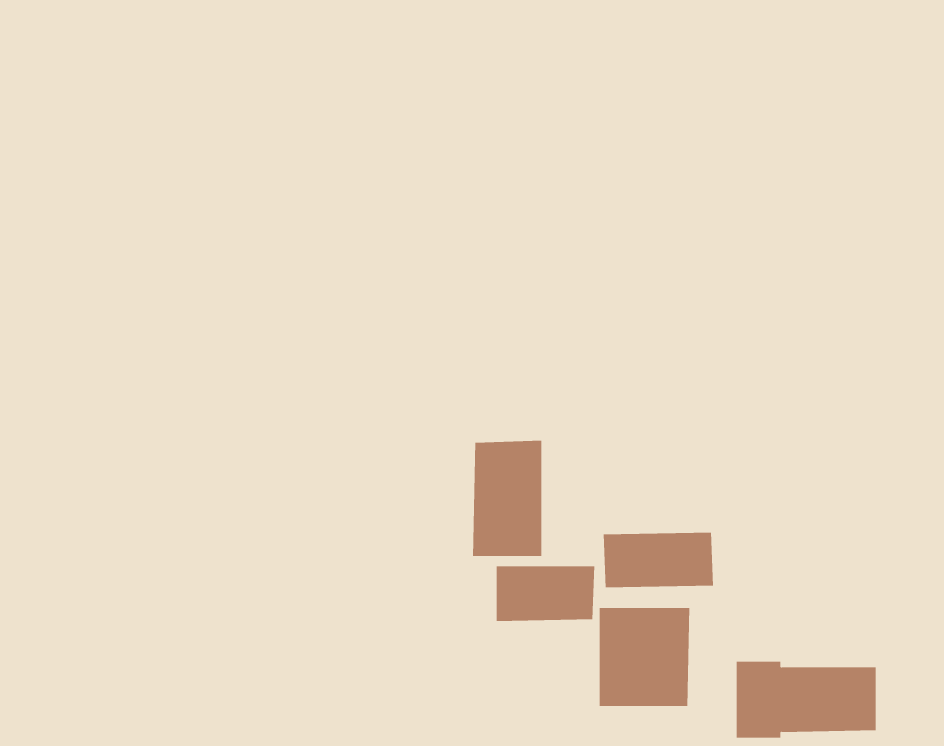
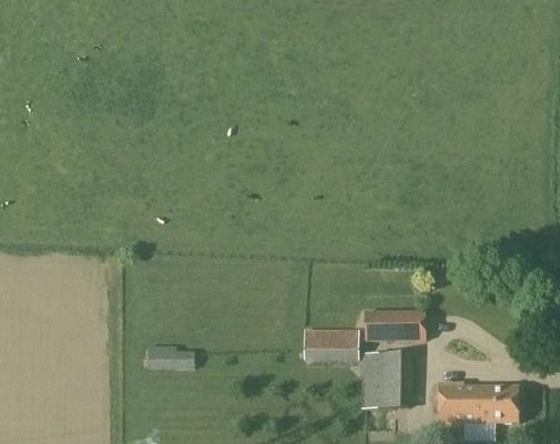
building: [472,440,542,557] -> none
building: none -> [147,345,194,370]

